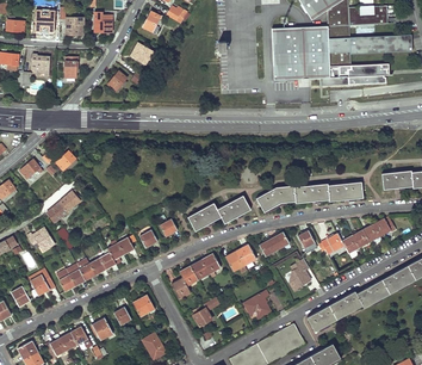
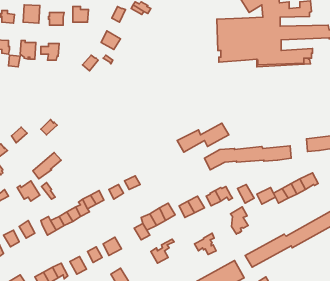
building: [187,196,250,231] -> [177,123,229,152]

